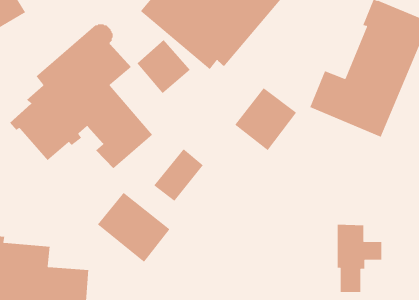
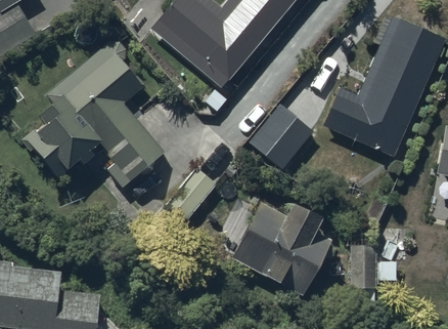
building: [136,39,191,94] -> none
building: none -> [231,197,330,292]
building: [97,192,170,263] -> none

